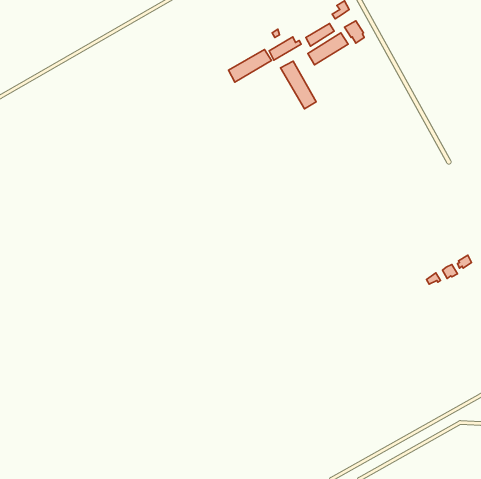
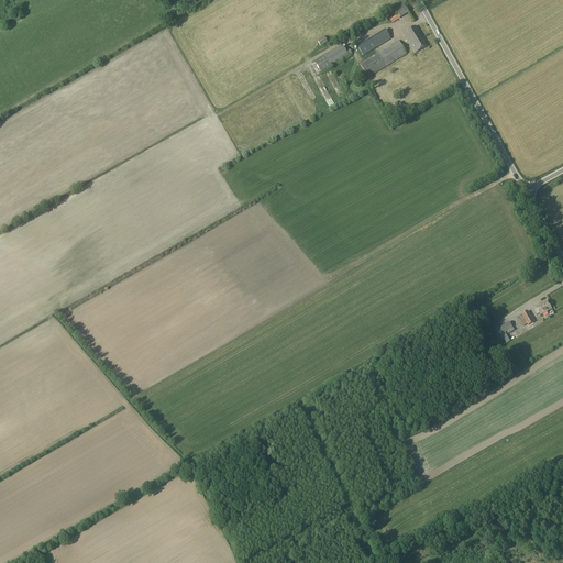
building: [229,50,271,82] -> none
building: [280,61,316,109] -> none

